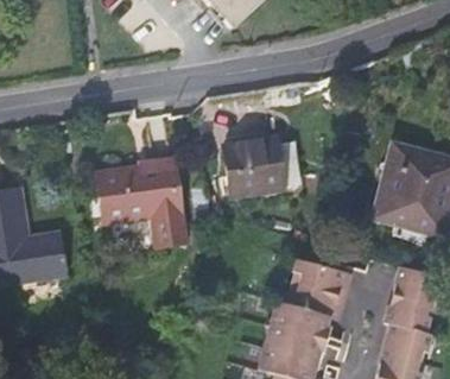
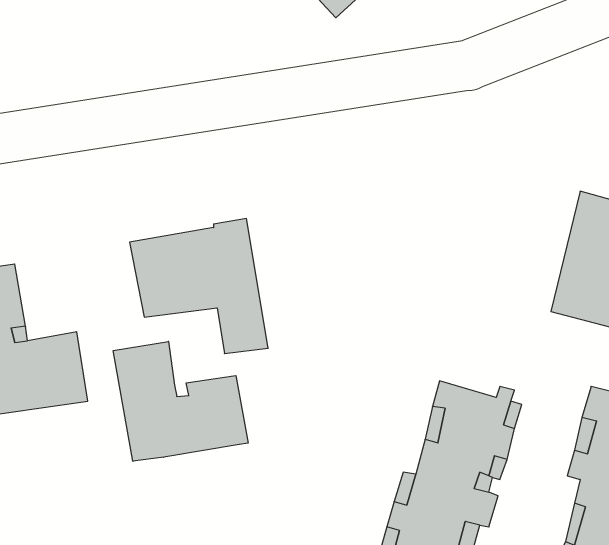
building: [223,137,302,194] -> none
building: none -> [113,341,248,461]

